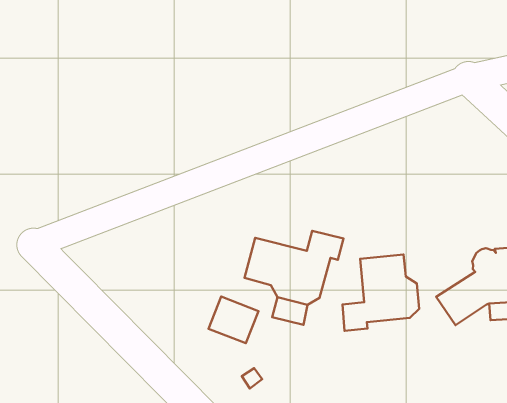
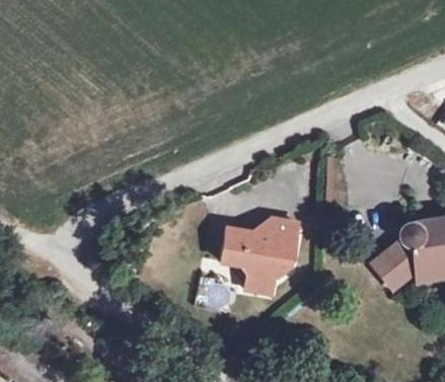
building: [343,255,419,331] -> none

